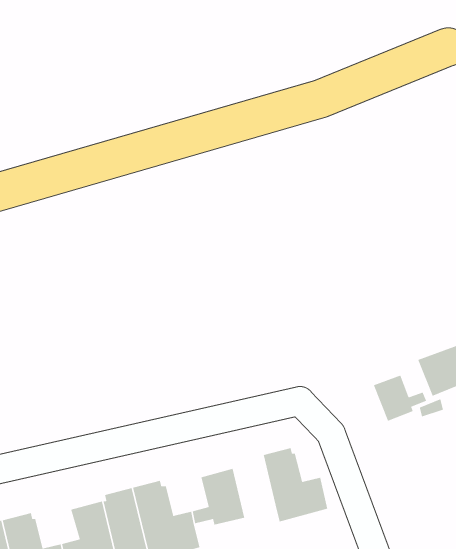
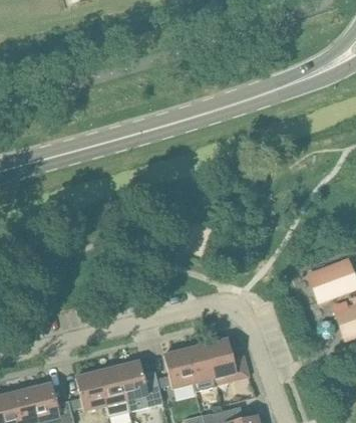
building: [373,375,427,422] -> none
building: none -> [186,341,215,384]

